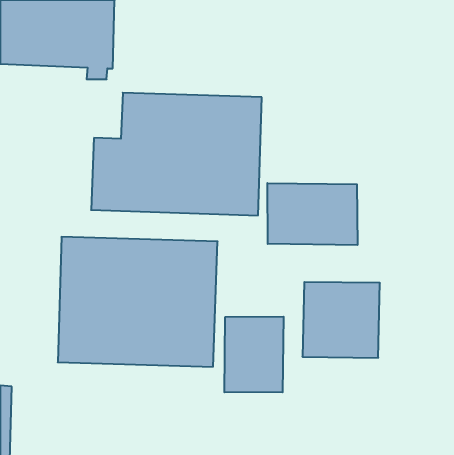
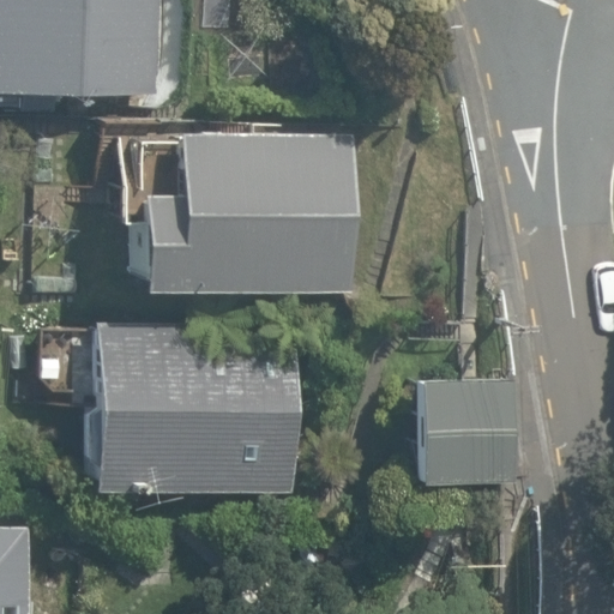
building: [267,183,357,245] -> none
building: [224,317,284,392] -> none

